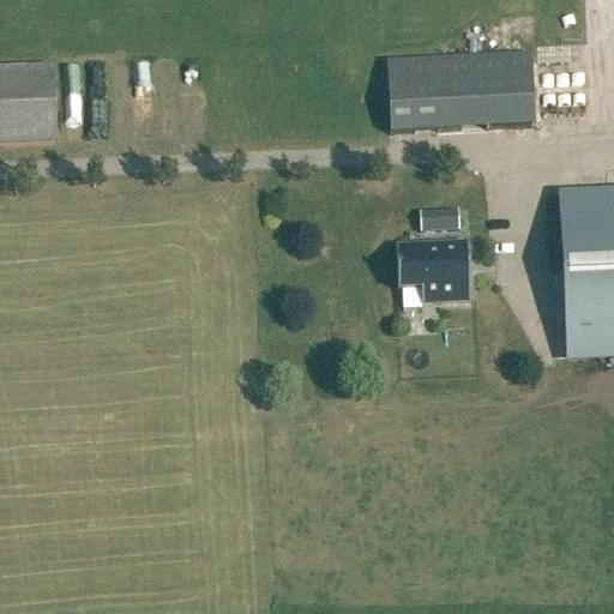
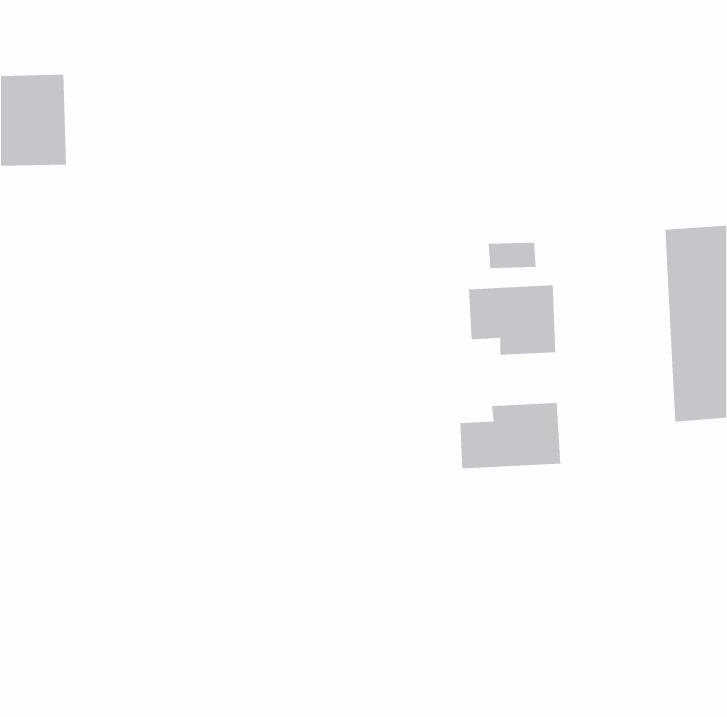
building: [385,48,534,131] -> none
building: none -> [460,402,561,469]

